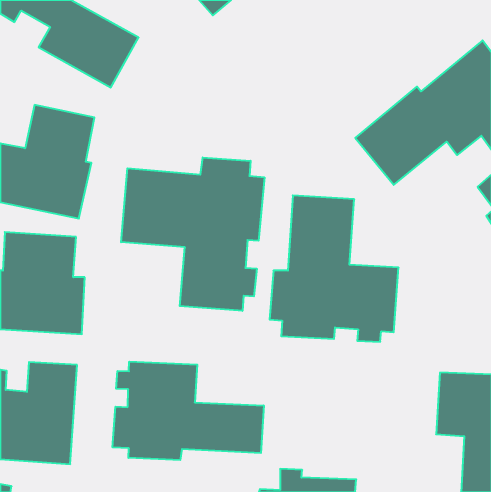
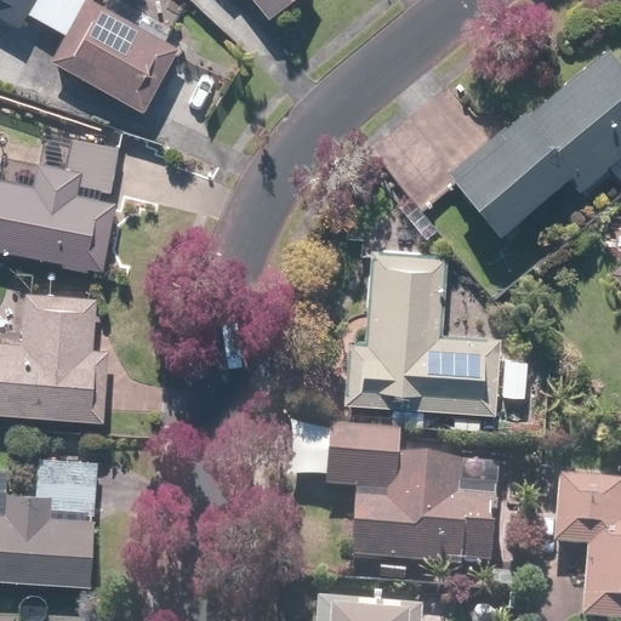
building: [121,157,264,311] -> none
building: none -> [287,431,497,586]
building: [113,362,264,460] -> none

